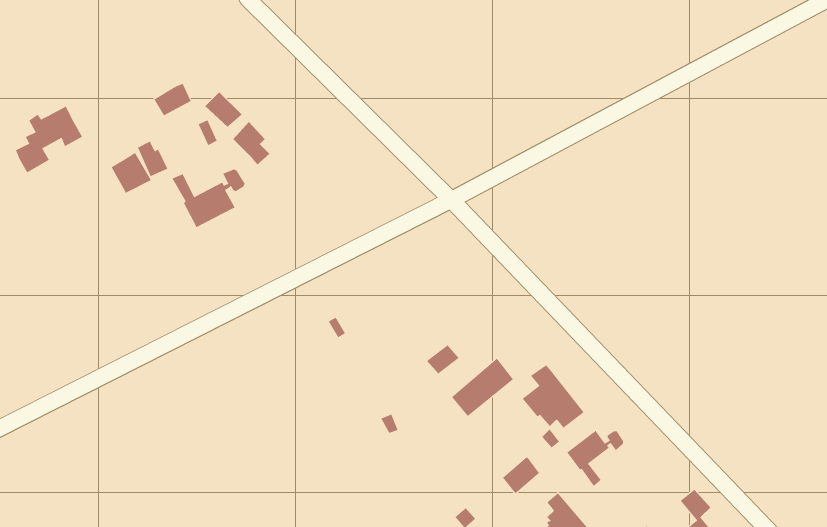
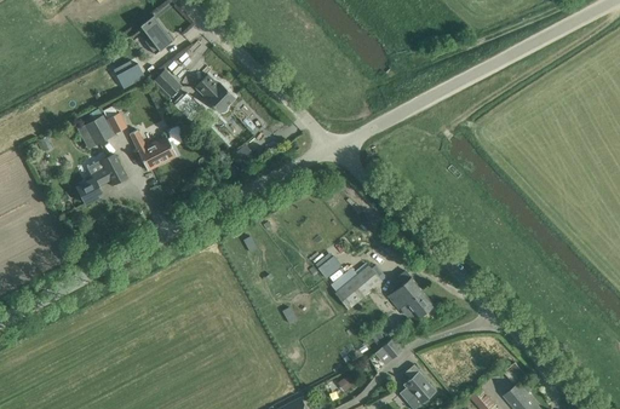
building: none -> [138,15,170,54]
building: none -> [194,74,234,113]
building: [15,106,83,173] -> [76,154,126,203]
building: [566,430,624,487] -> none

